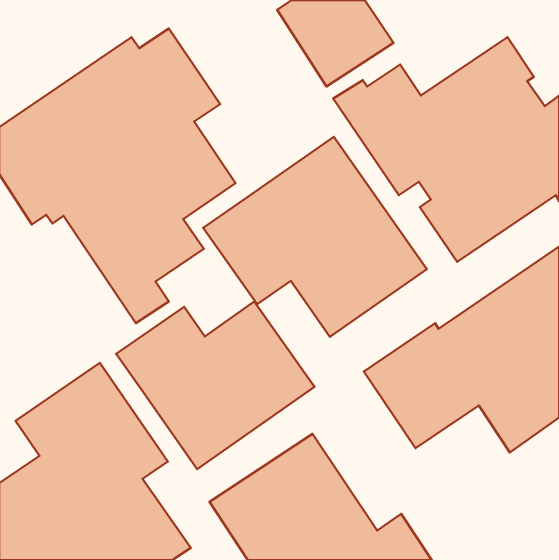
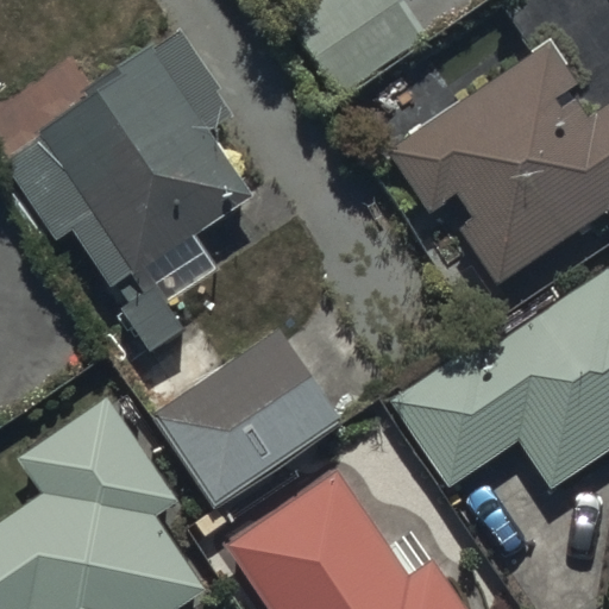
building: [203,137,427,337] -> none

